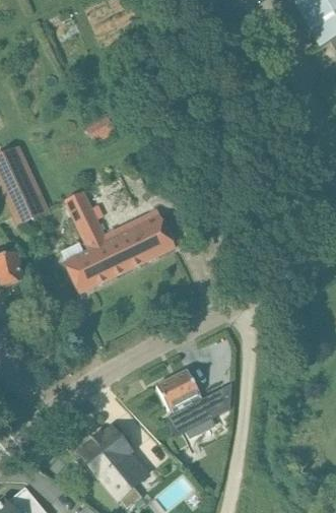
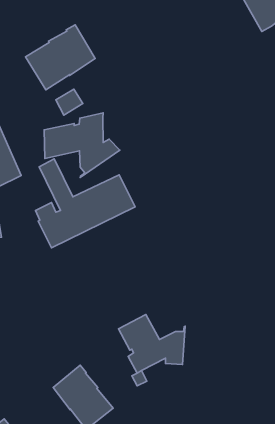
building: none -> [25,25,95,90]
building: none -> [44,113,120,178]

